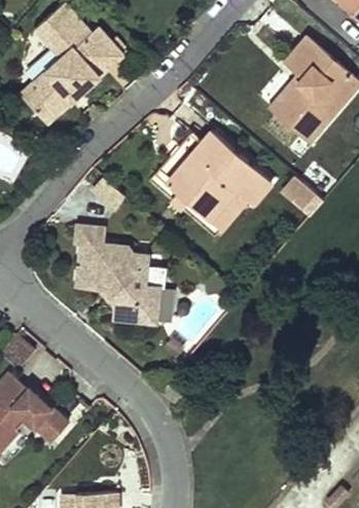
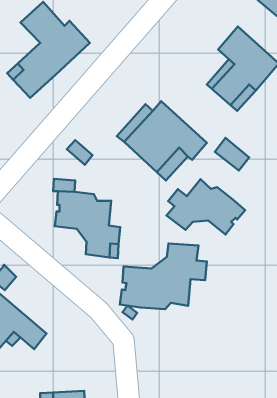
building: none -> [166,179,245,234]
building: none -> [120,244,207,309]

